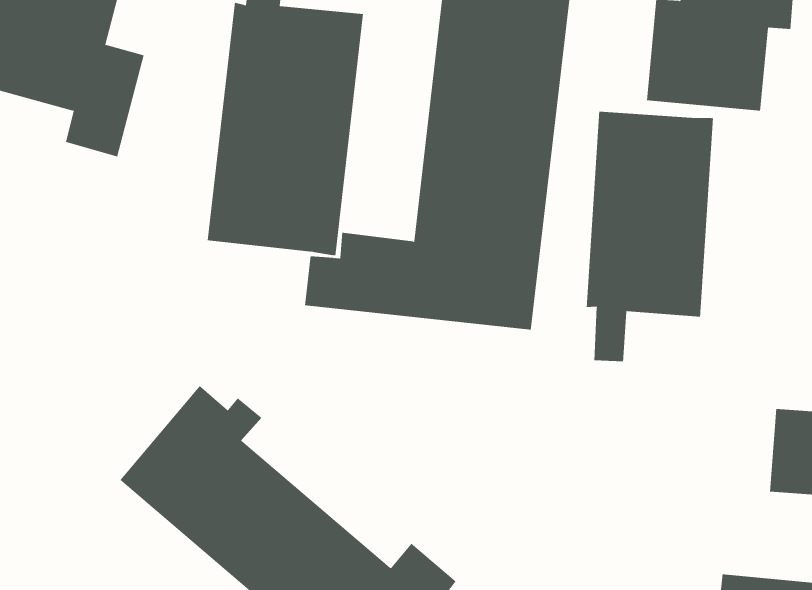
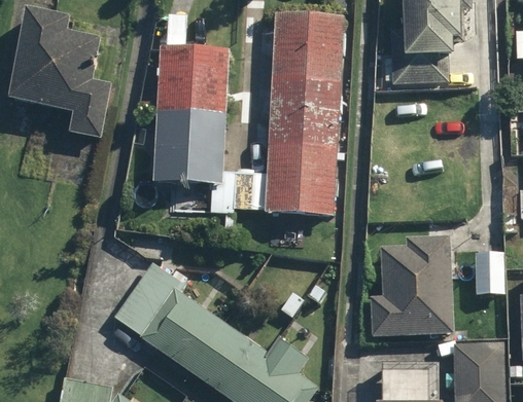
building: [586,111,713,362] -> none
building: none -> [369,239,453,333]

